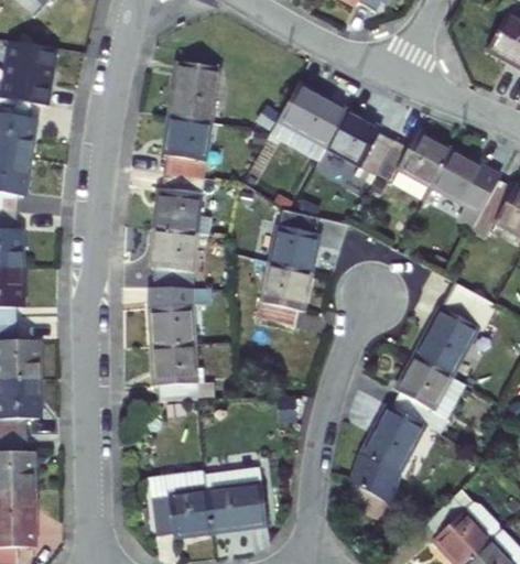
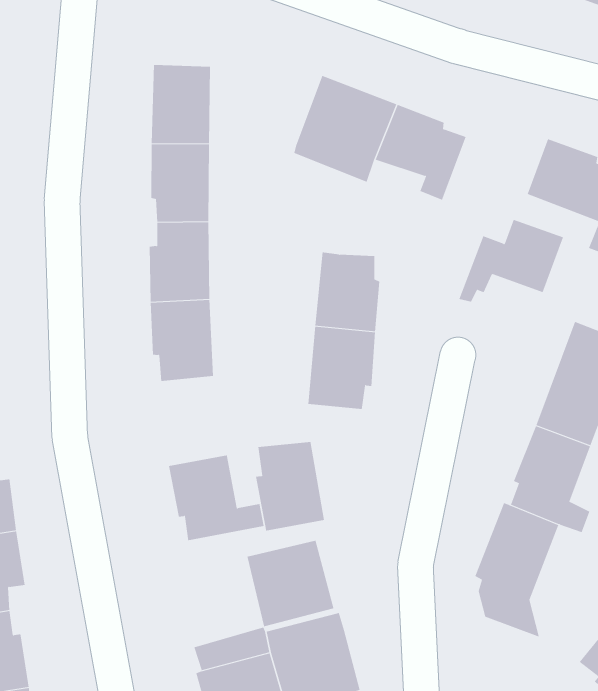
building: [371,132,452,187] -> [459,219,564,302]
building: [150,286,195,347] -> [255,441,325,531]
building: none -> [247,540,334,627]

